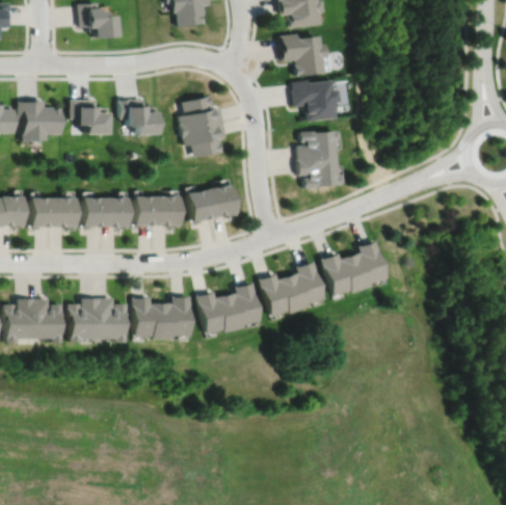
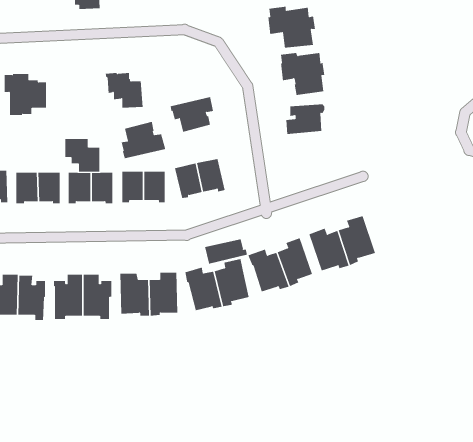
building: [181,95,225,132] -> [121,121,166,159]
building: [73,100,108,133] -> [64,139,100,172]
building: [298,157,342,188] -> none
building: none -> [204,239,248,264]

